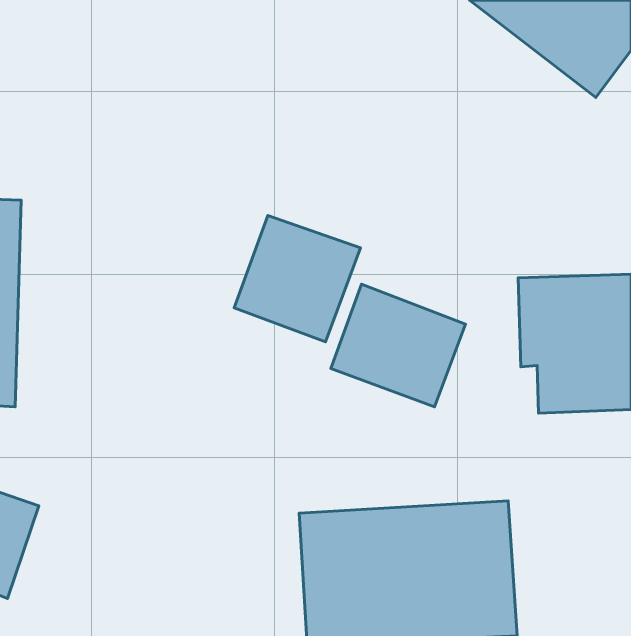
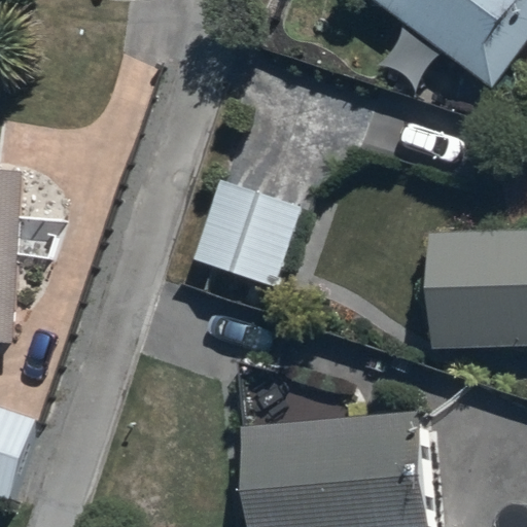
building: [331,284,465,407] -> none

